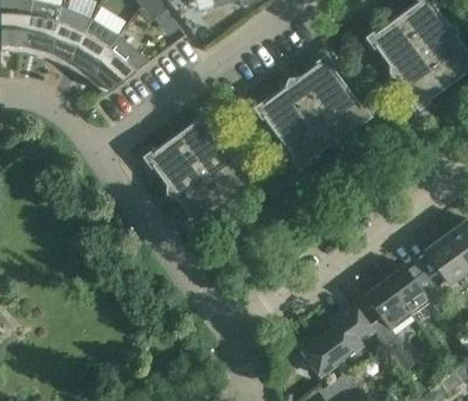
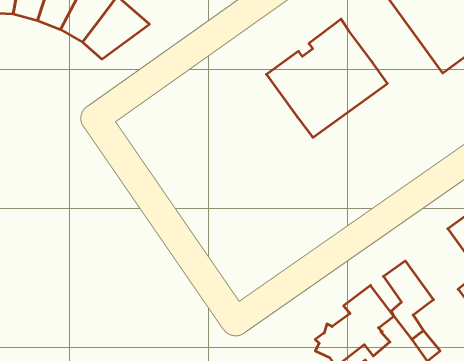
building: [145,114,254,224] -> none
building: [384,263,430,314] -> none

